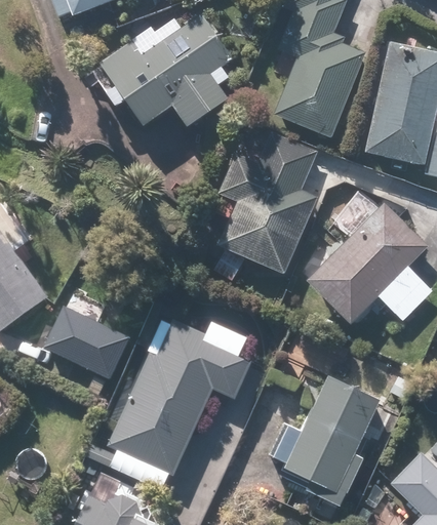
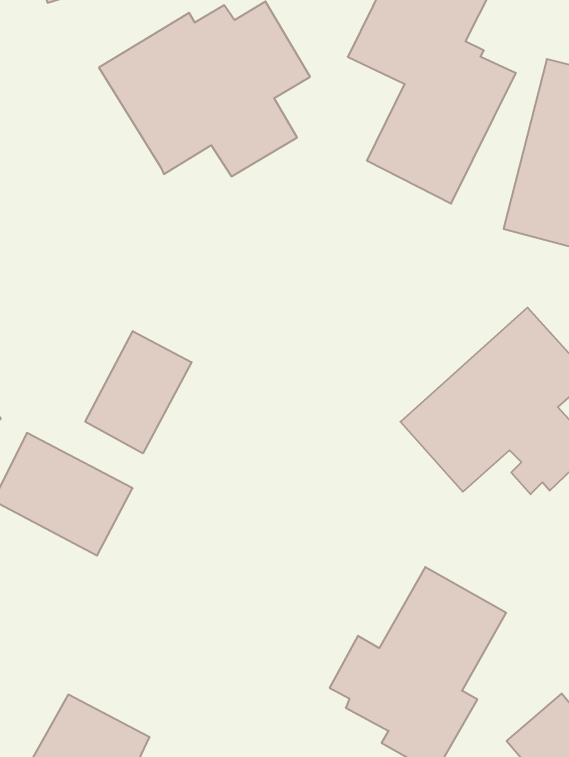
building: [216,130,321,279] -> none
building: none -> [85,331,192,453]
building: [108,318,256,489] -> none

